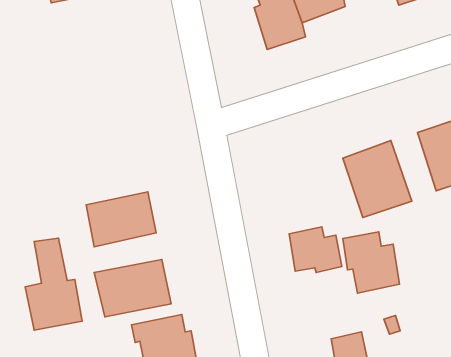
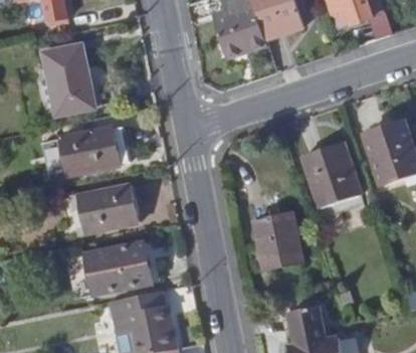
building: none -> [45,46,94,114]
building: none -> [59,128,121,175]
building: [343,232,400,293] -> none
building: [25,238,82,330] -> none

